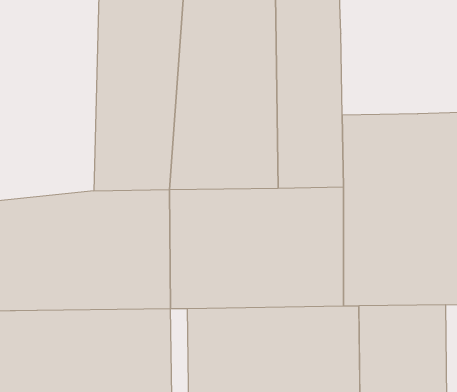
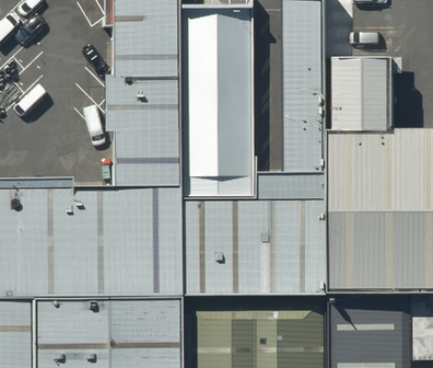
building: none -> [309,44,375,115]

